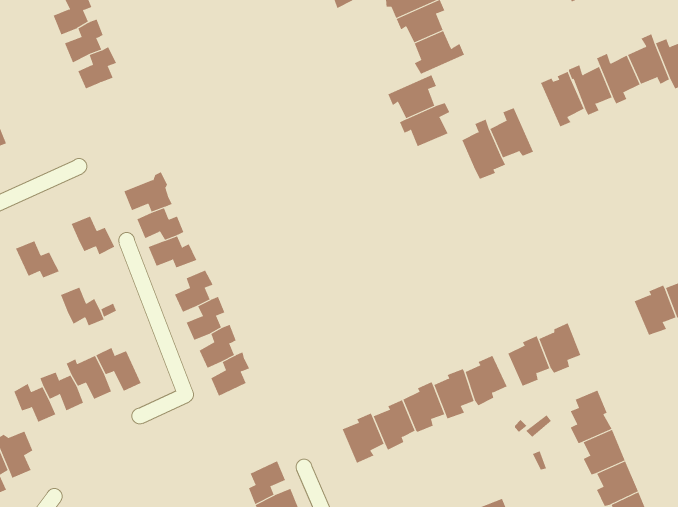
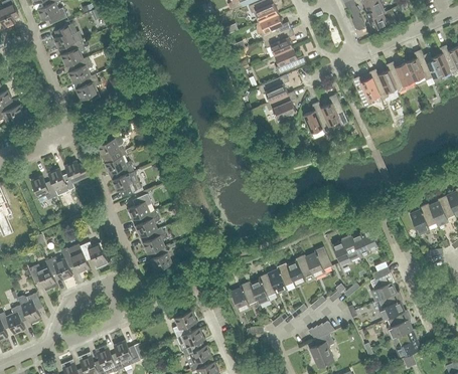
building: none -> [75,74,100,101]
building: [60,287,104,326] -> [47,168,74,192]

